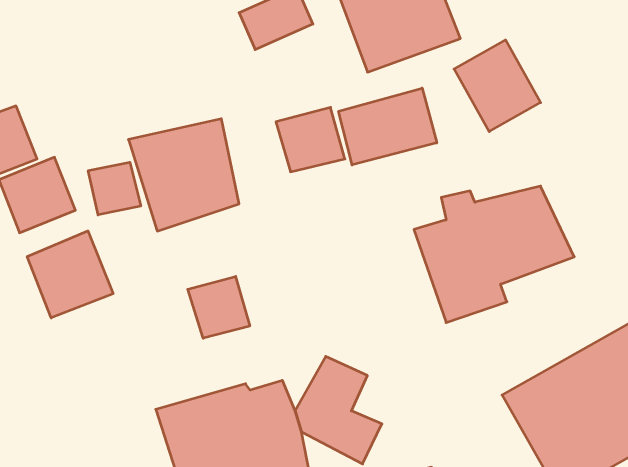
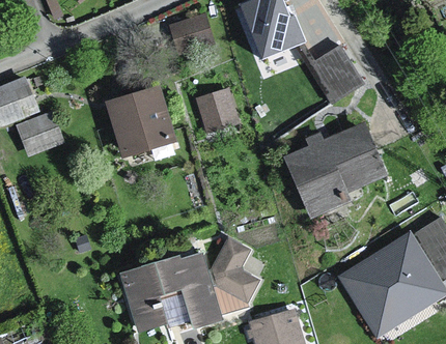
building: [339,88,437,165] -> none
building: [88,162,141,215] -> none
building: [27,231,113,318] -> none
building: [188,276,250,338] -> none

